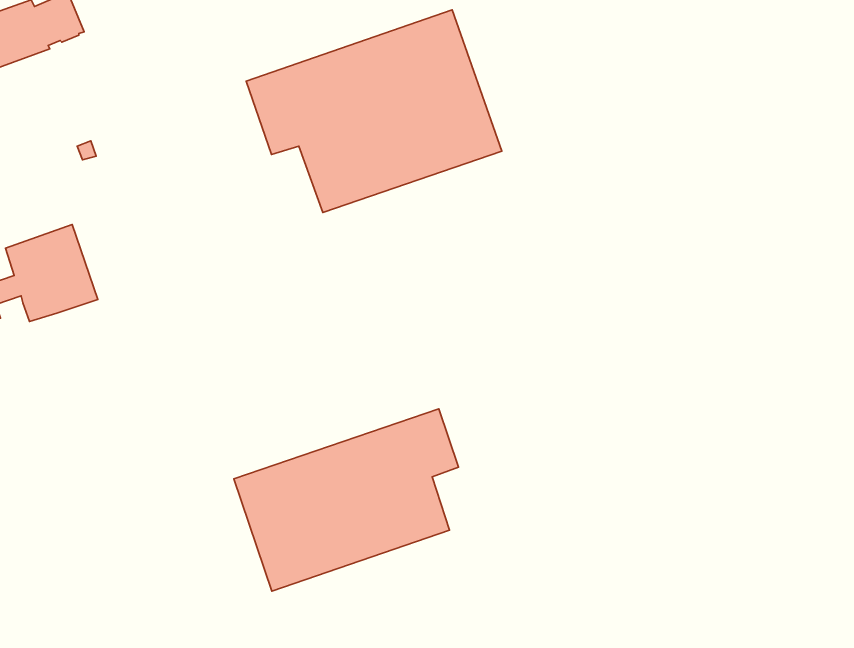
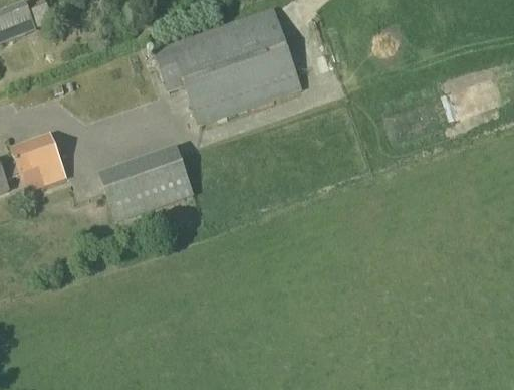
building: none -> [99,150,192,222]
building: [234,409,459,591] -> none

